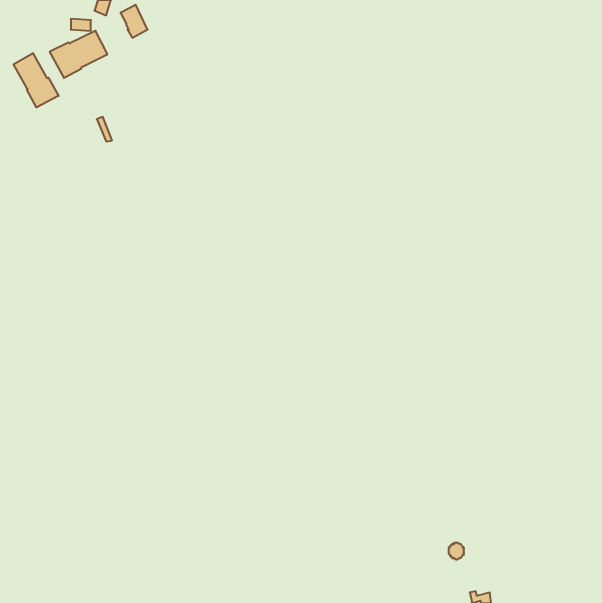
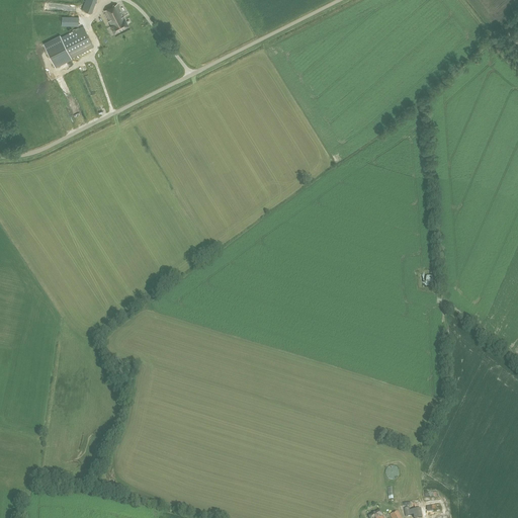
building: [14,53,59,107] -> none

